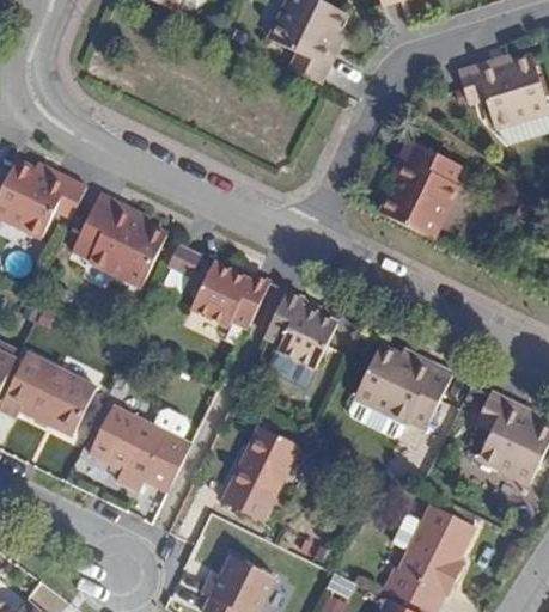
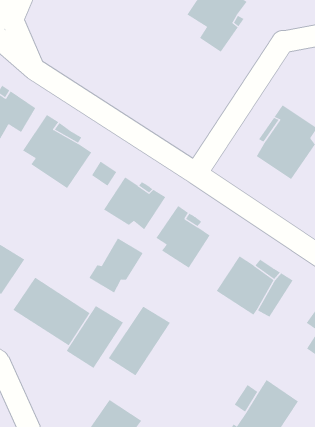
building: none -> [88,238,144,294]
building: none -> [66,305,124,369]

